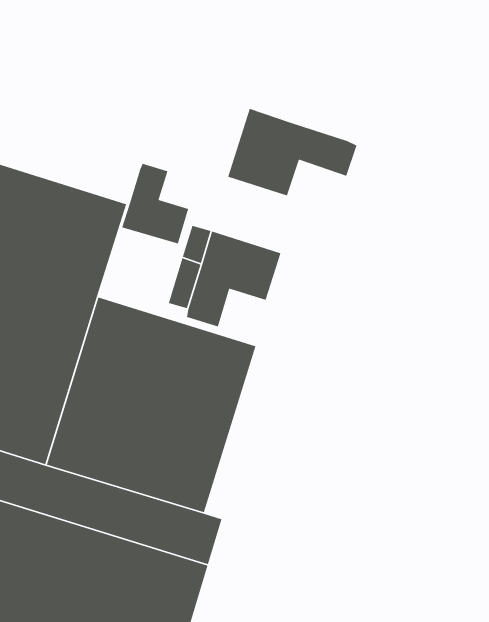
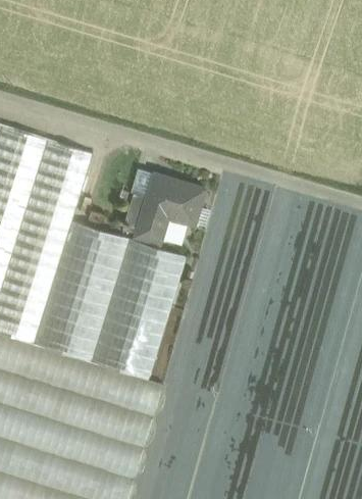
building: [227,108,358,197] -> none
building: [121,163,189,245] -> none

